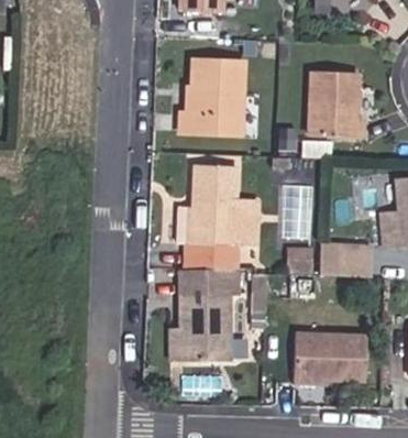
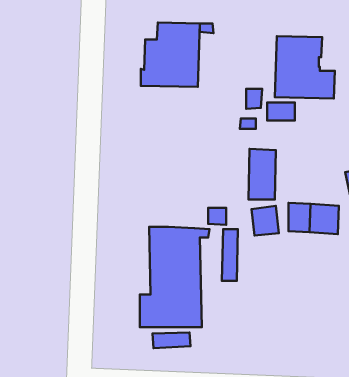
building: [179,165,256,265] -> none
building: [297,332,371,379] -> none

